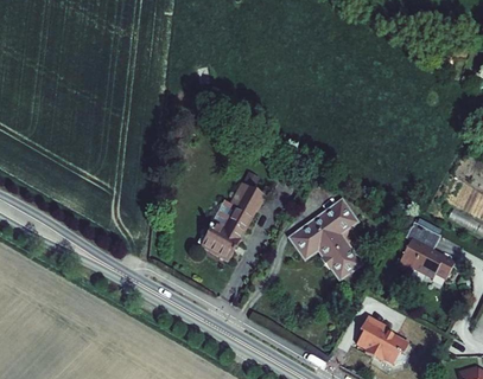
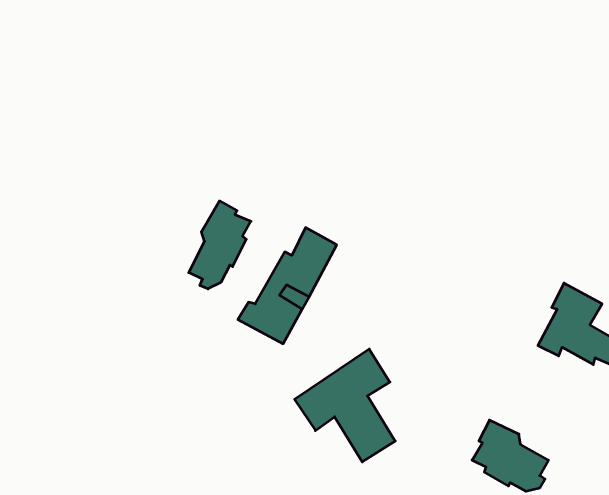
building: none -> [189,201,251,289]
building: [294,203,363,280] -> [295,349,395,462]

